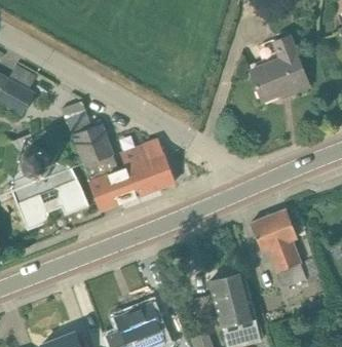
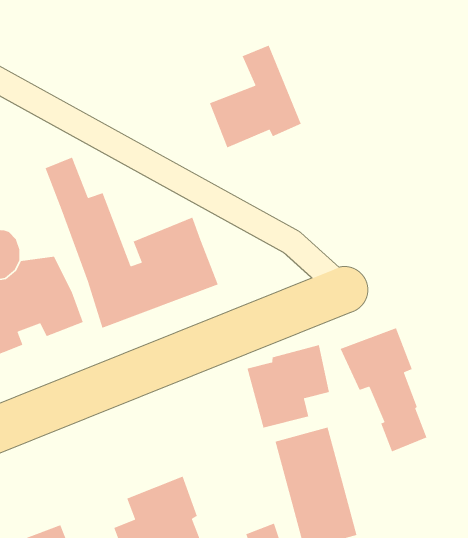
building: [250,35,308,101] -> [209,44,302,149]
building: none -> [246,344,330,429]

